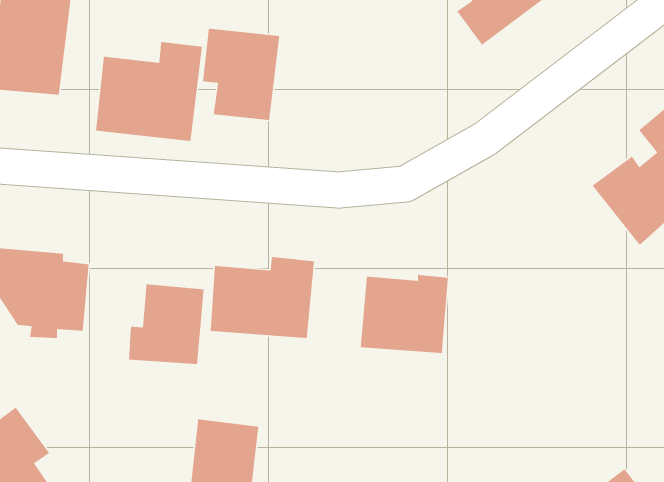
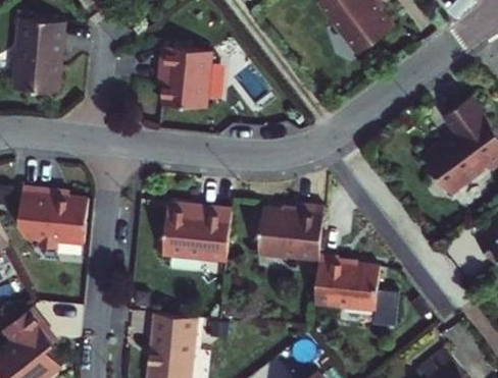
building: [95,41,203,142] -> none
building: [128,283,205,365] -> none
building: none -> [316,254,401,323]

